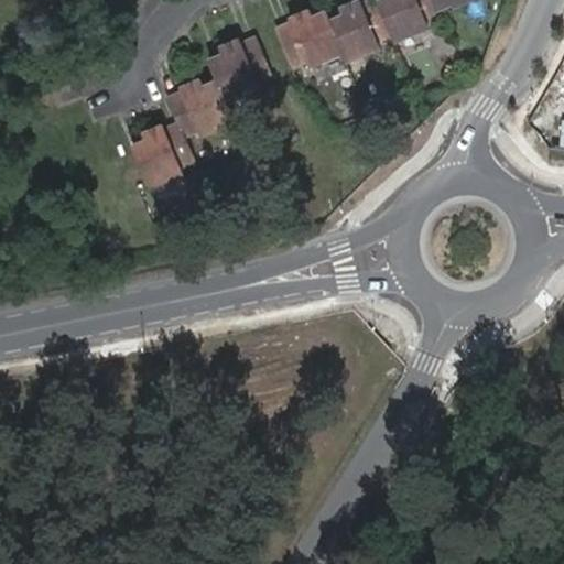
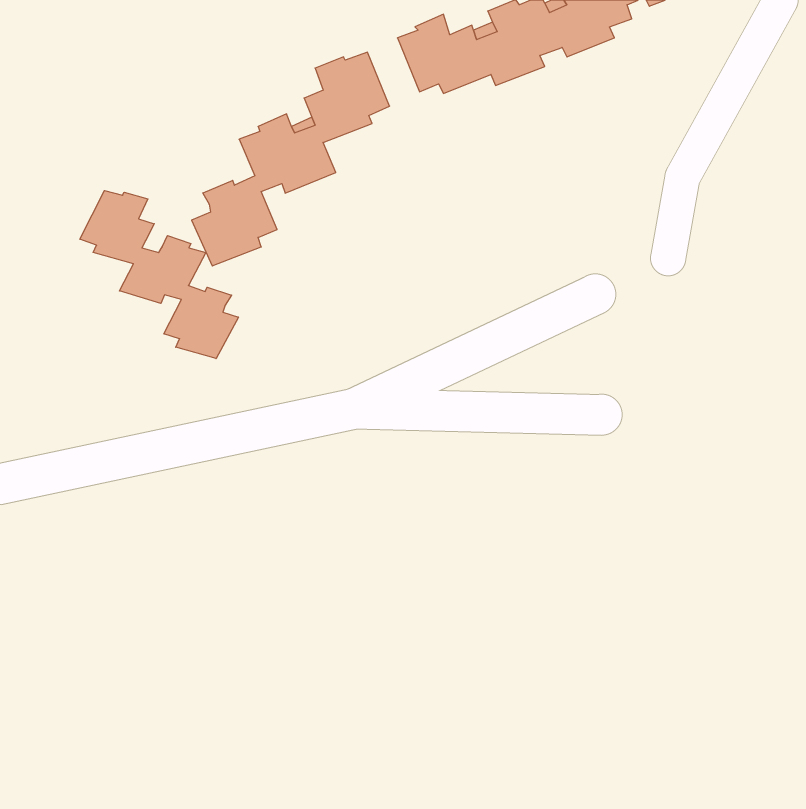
building: none -> [80,191,238,359]

